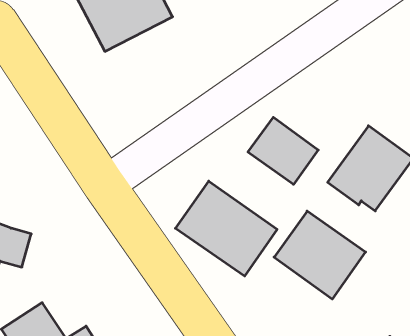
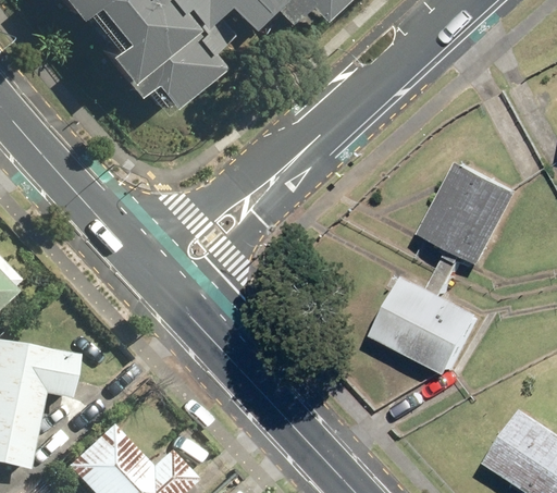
building: [248,117,318,184] -> none
building: [175,181,277,276] -> none

